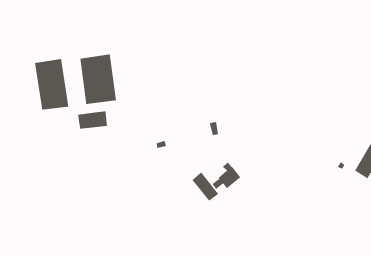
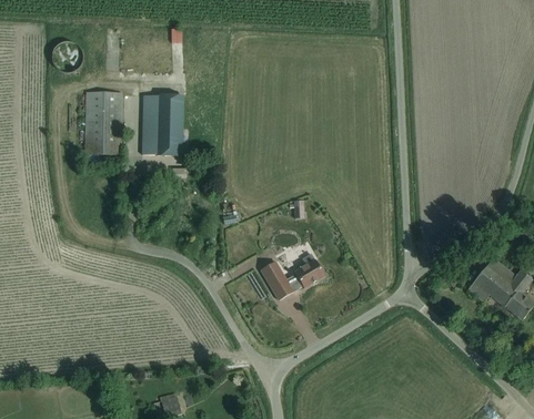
building: [77,110,108,130] -> none

